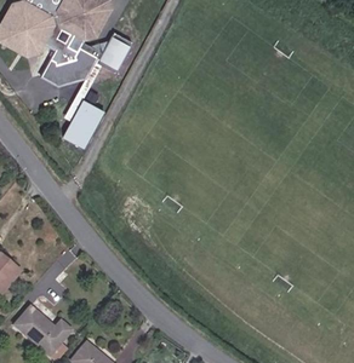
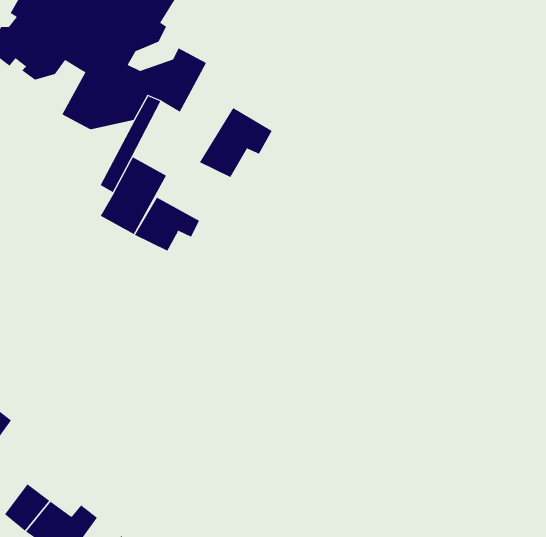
building: none -> [199,107,273,178]
building: none -> [134,197,200,252]

